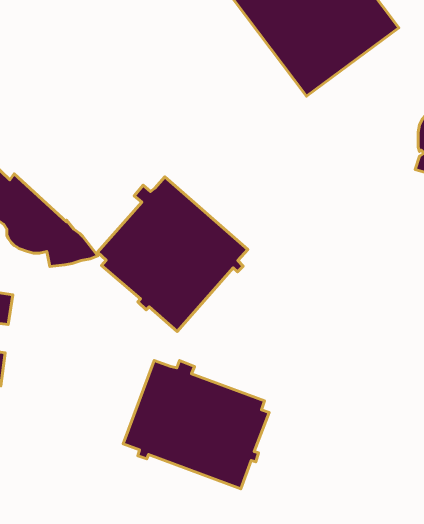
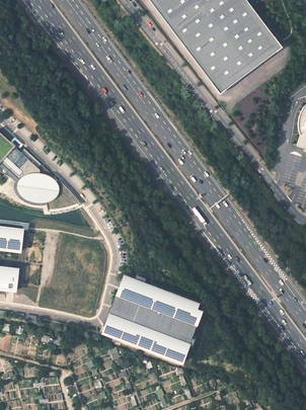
building: [97,177,248,332] -> none

